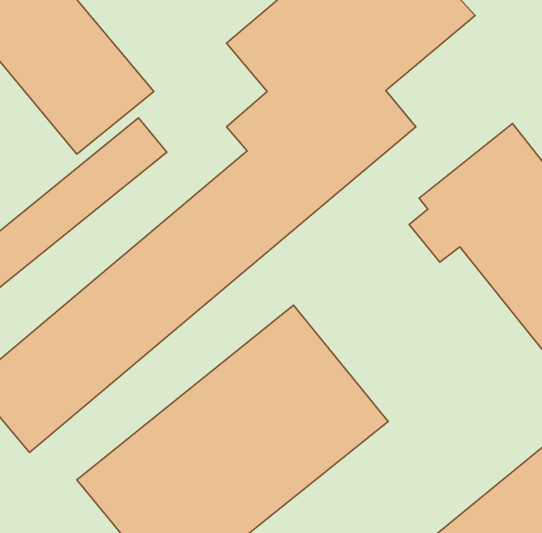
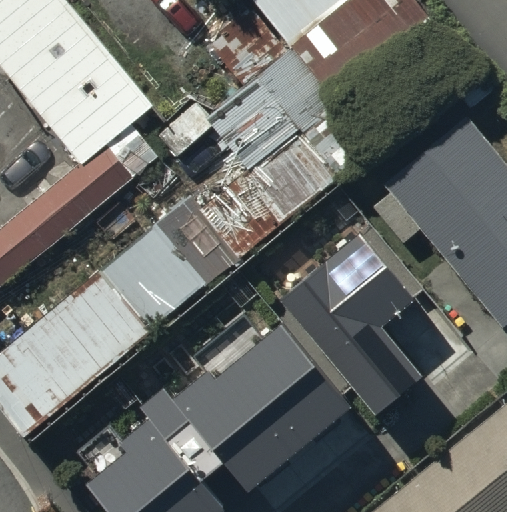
building: none -> [276,220,418,402]

